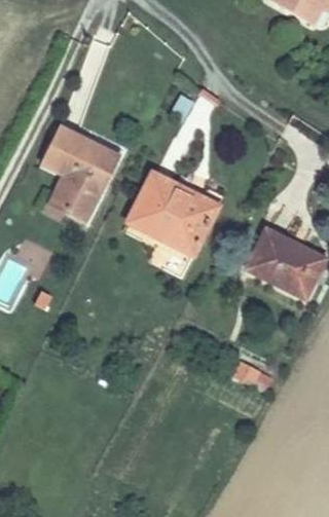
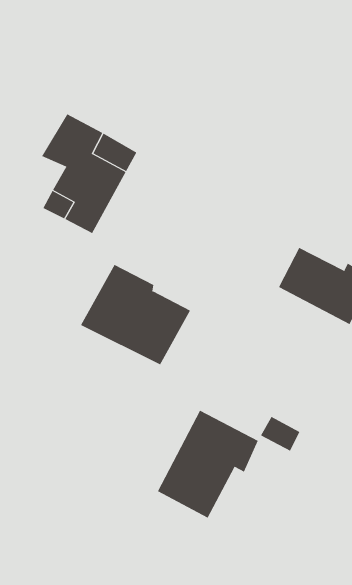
building: [125,170,219,255] -> [80,264,191,365]
building: none -> [157,410,259,518]

